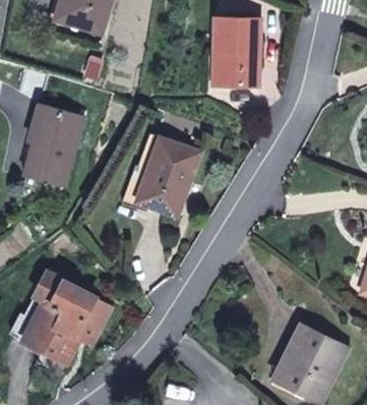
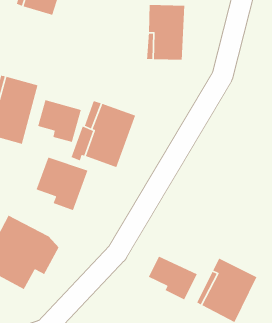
building: none -> [37,99,82,143]
building: none -> [35,156,89,211]
building: none -> [148,255,198,300]

